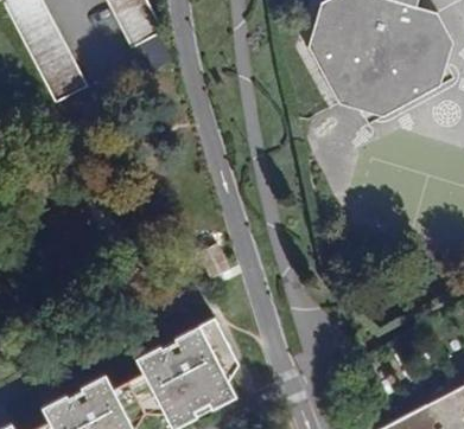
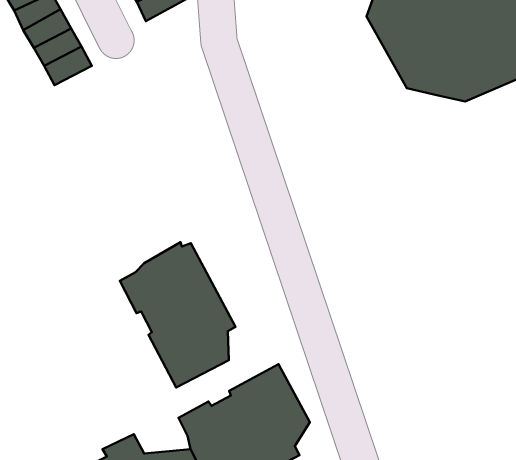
building: none -> [120,242,236,388]

